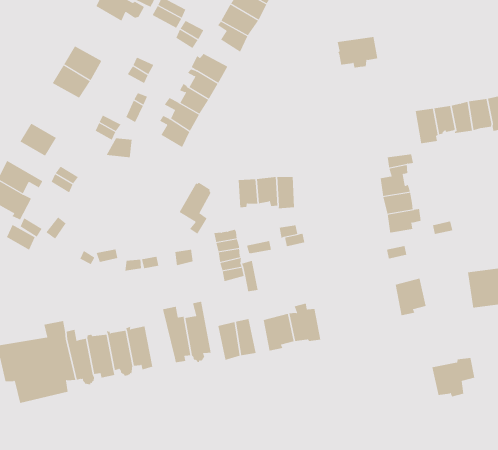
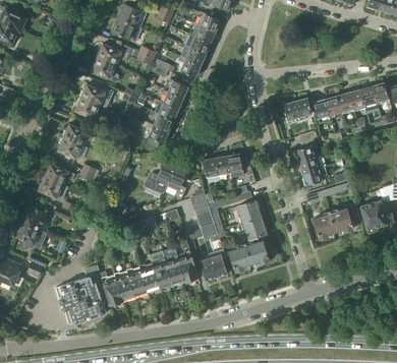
building: none -> [91,56,119,83]
building: [337,36,378,68] -> [284,99,313,121]
building: none -> [62,123,95,145]
building: none -> [147,160,175,187]
building: none -> [237,200,267,241]
building: none -> [150,251,173,291]
building: [431,357,475,397] -> [330,203,359,231]

